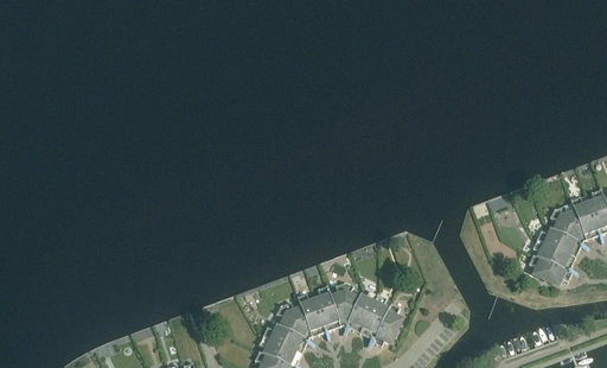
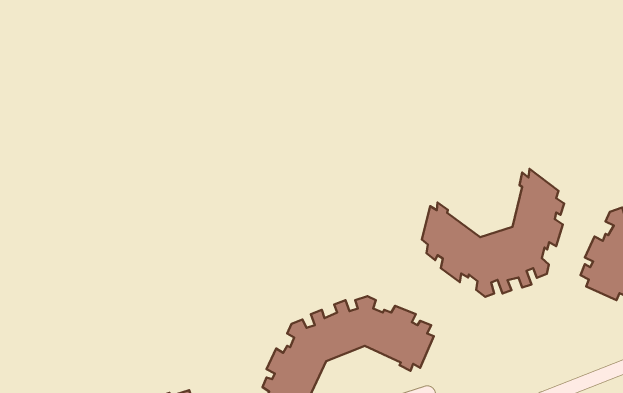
building: none -> [422,169,564,297]

